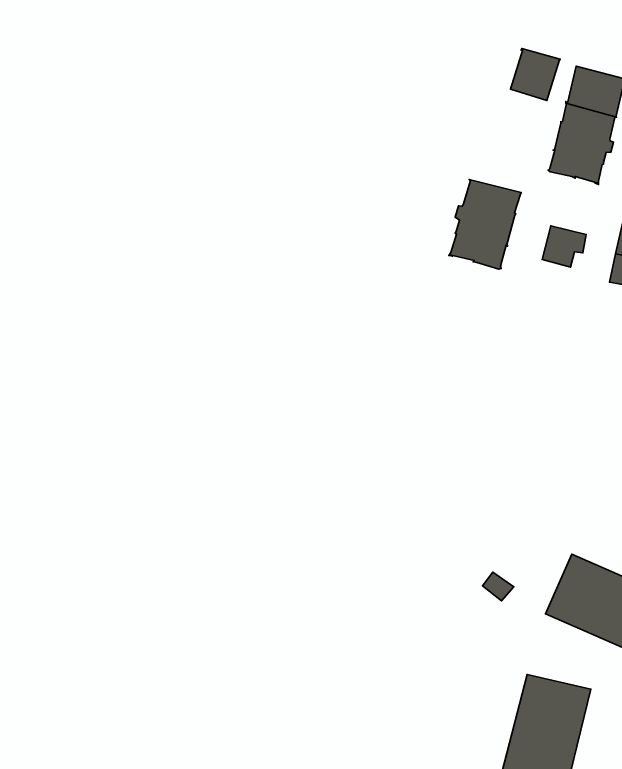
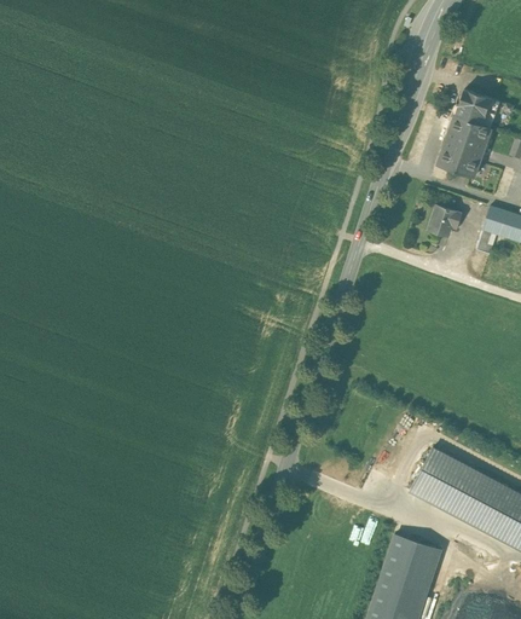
building: [511,49,560,100] -> none
building: [449,180,521,269] -> none

